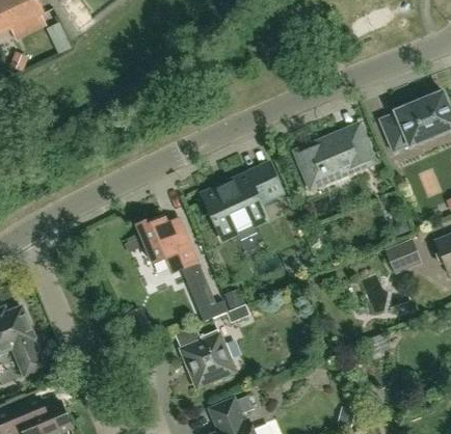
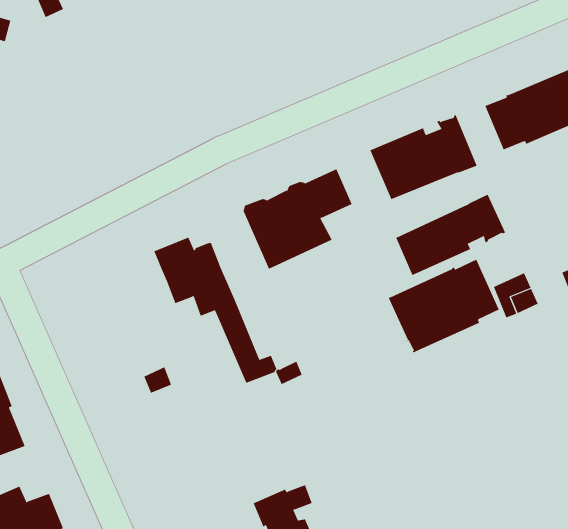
building: none -> [395,194,506,276]
building: none -> [388,259,500,353]
building: [181,327,235,386] -> none

